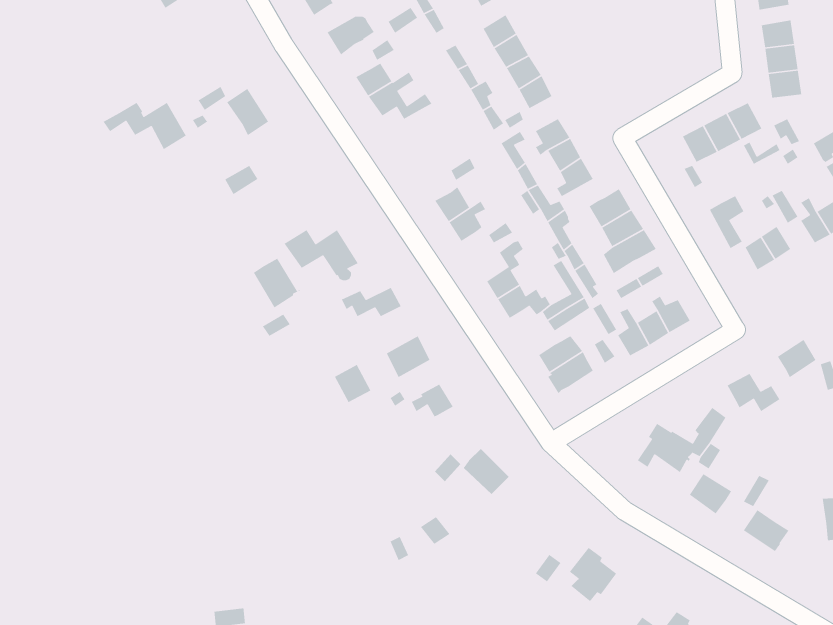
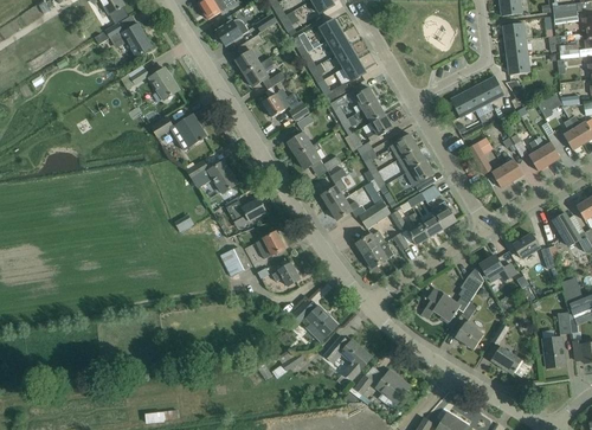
building: [103,102,187,150] -> [96,23,152,54]
building: none -> [263,89,308,120]
building: [253,256,301,308] -> [176,113,208,147]
building: none -> [324,339,372,379]

